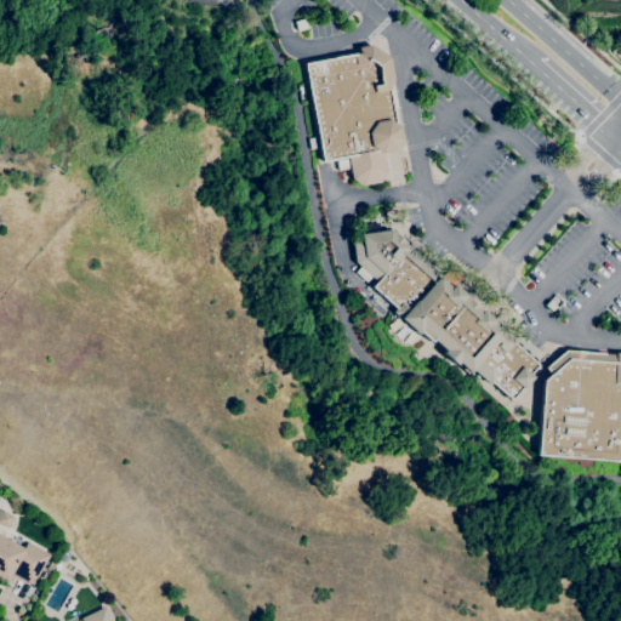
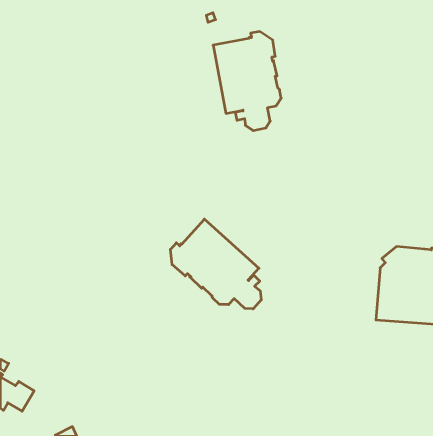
building: [354,222,540,400] -> none
building: none -> [170,219,261,309]

